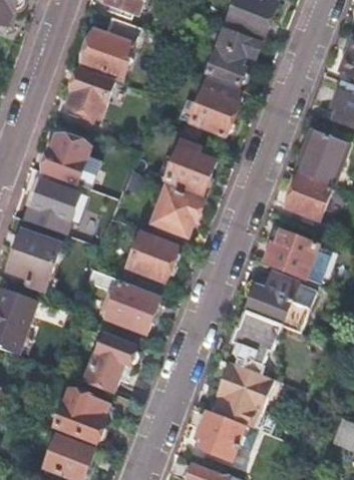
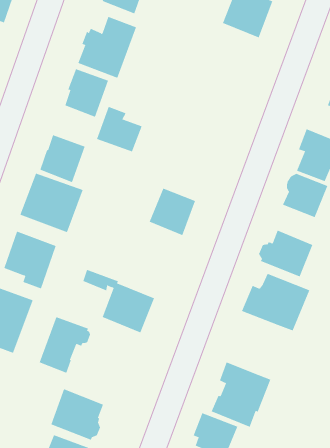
building: [207,28,260,85] -> none
building: [192,82,238,134] -> none
building: [165,148,212,194] -> [96,106,142,152]
building: [127,234,179,282] -> none
building: [231,312,281,373] -> none
building: [84,336,136,393] -> [39,316,91,374]

